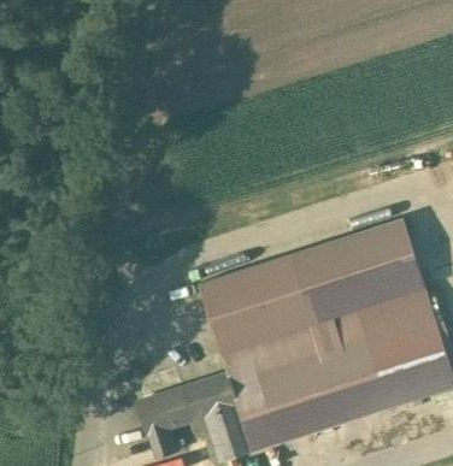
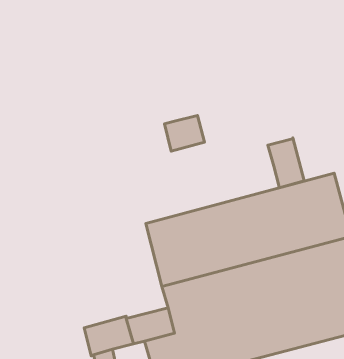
building: none -> [165,116,205,151]
building: none -> [268,138,304,188]

